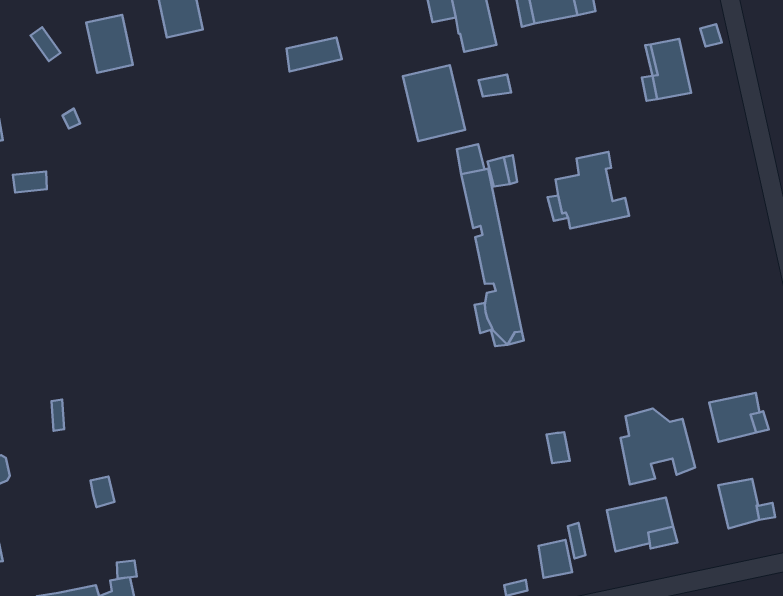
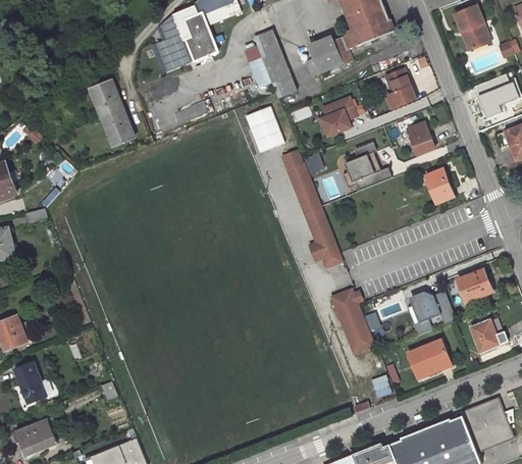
building: [86,15,133,73] -> [102,109,134,146]
building: none -> [320,96,357,136]
building: none -> [395,117,434,154]
building: none -> [425,168,454,203]
building: none -> [330,289,373,353]

